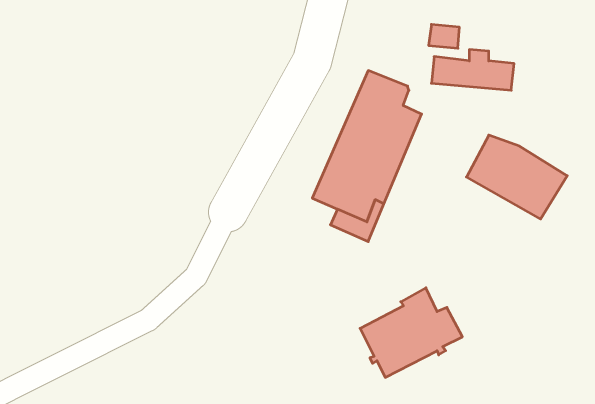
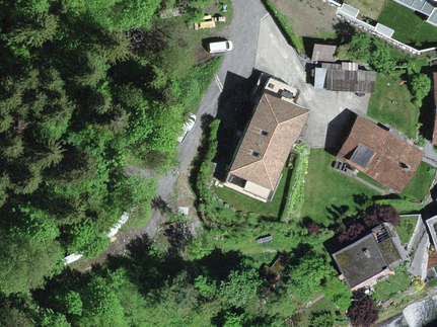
building: [360,288,462,377] -> [338,225,412,290]

